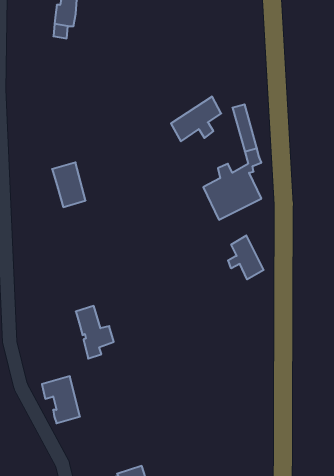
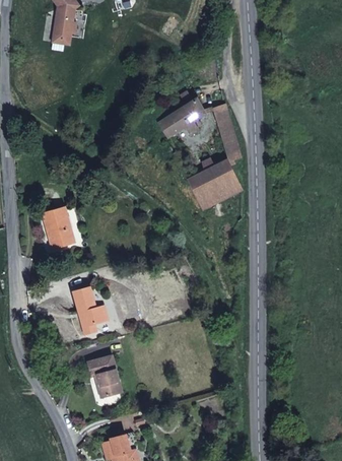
building: [52,162,86,207] -> [42,208,72,249]
building: [228,235,264,279] -> none
building: [42,376,80,423] -> [86,355,121,398]

